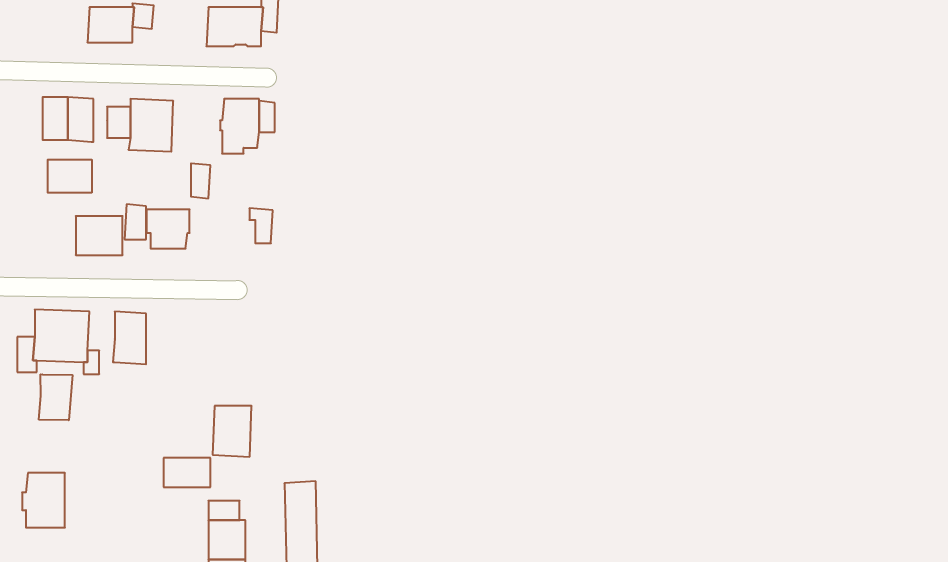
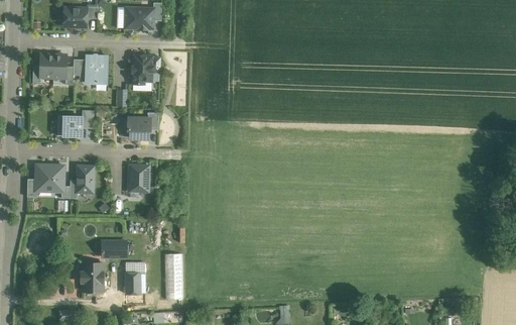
building: [48,160,92,193] -> none
building: [147,209,190,249] -> [127,118,149,138]
building: [39,374,72,420] -> none
building: [213,406,252,457] -> [128,166,148,192]
building: [22,473,65,528] -> [80,262,102,291]

